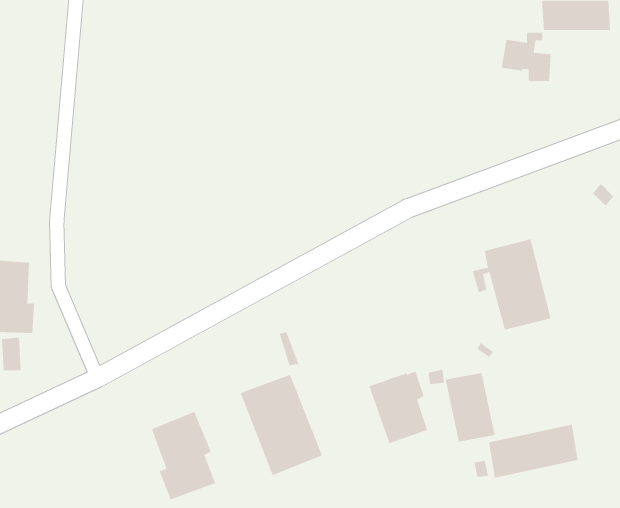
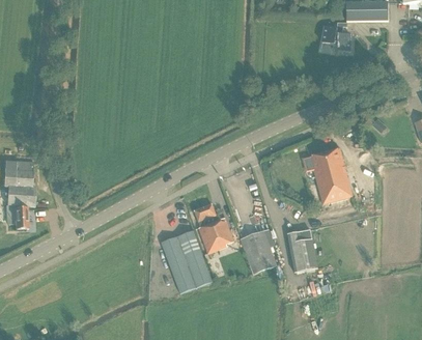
building: none -> [194,203,233,252]
building: [151,411,216,500] -> none
building: [489,424,578,479] -> none

